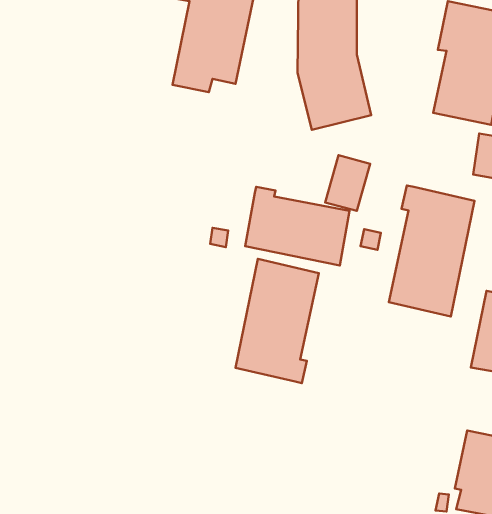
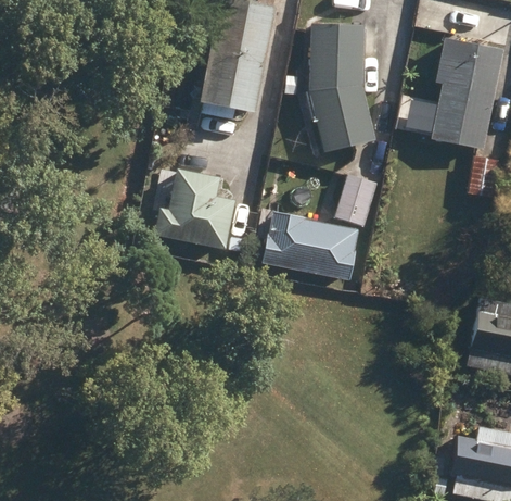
building: none -> [153,170,234,250]
building: [389,185,474,317] -> none
building: [235,259,319,383] -> none

